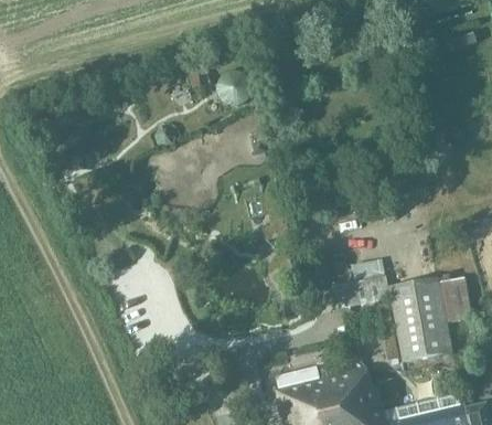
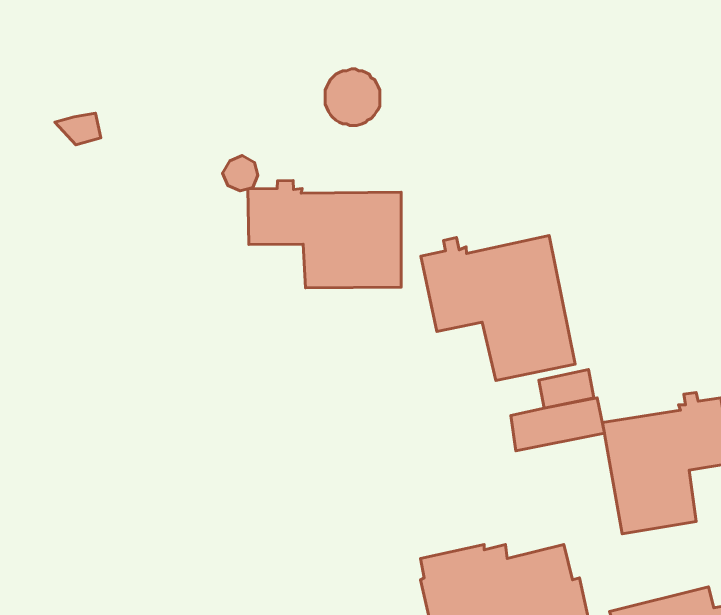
building: none -> [248,181,401,288]
building: none -> [421,235,575,381]

